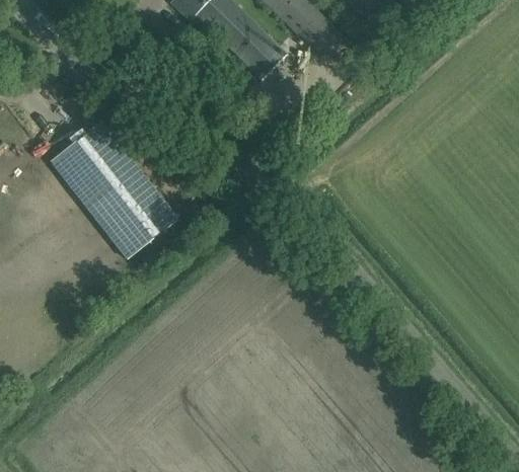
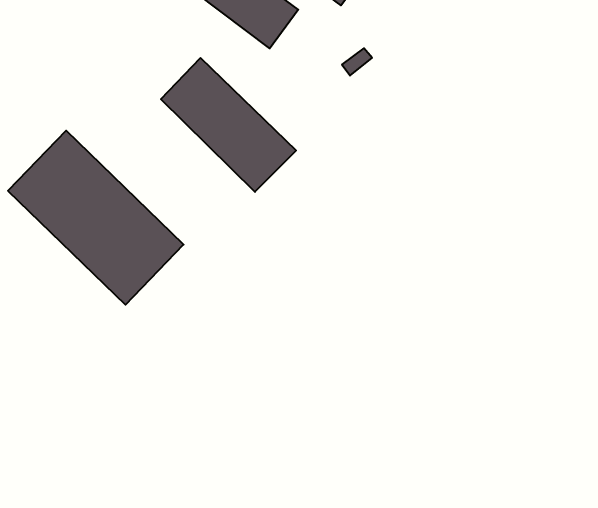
building: none -> [161,58,296,192]

